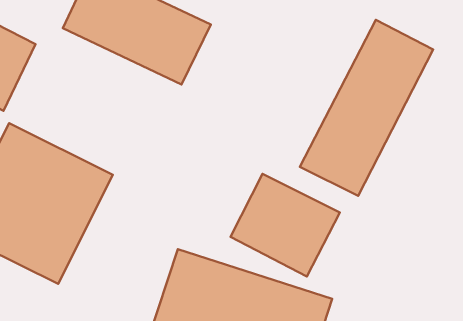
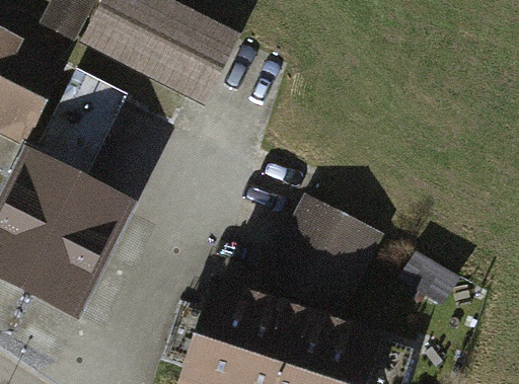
building: [300,20,433,196] -> none
building: none -> [33,65,124,167]

